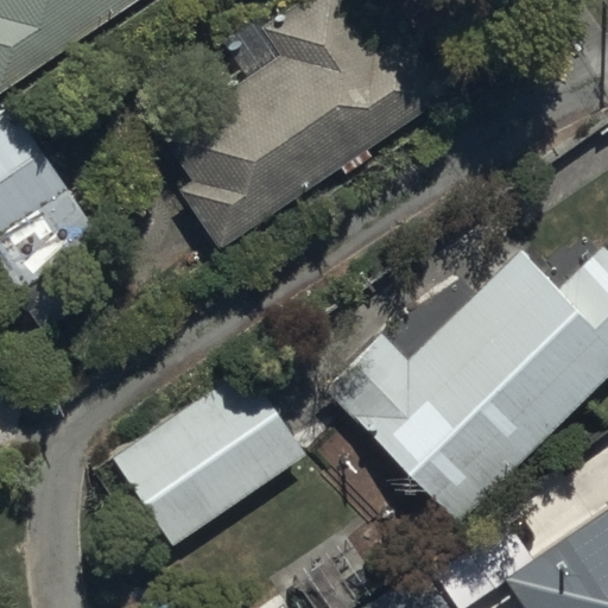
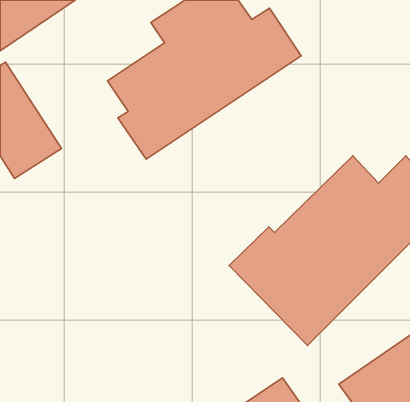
building: [112,365,309,546] -> none

